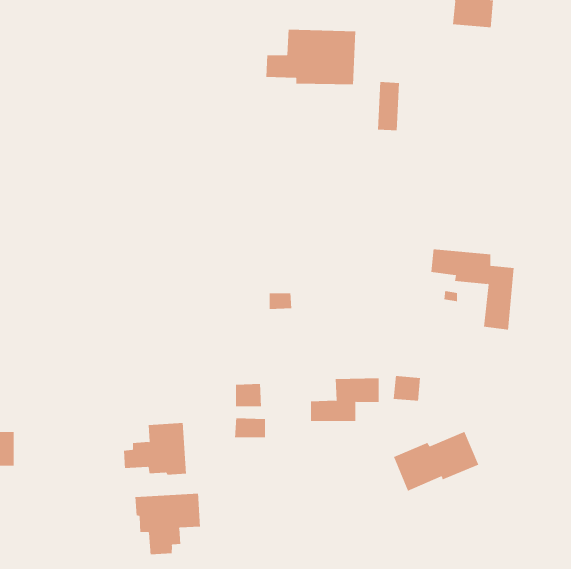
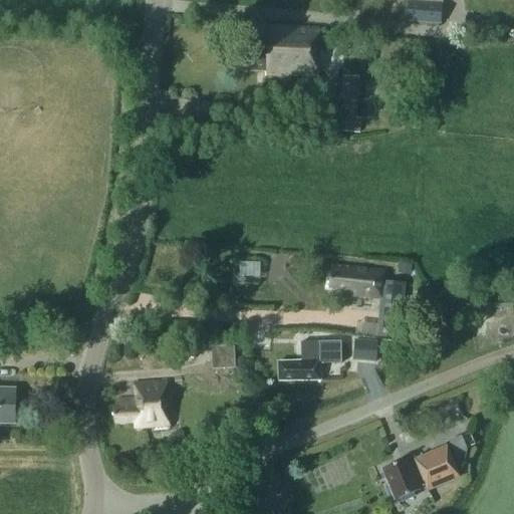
building: [431,249,515,330] -> [330,265,406,338]
building: [234,417,265,438] -> none
building: [393,431,479,492] -> [381,445,459,499]
building: [135,493,201,555] -> none

